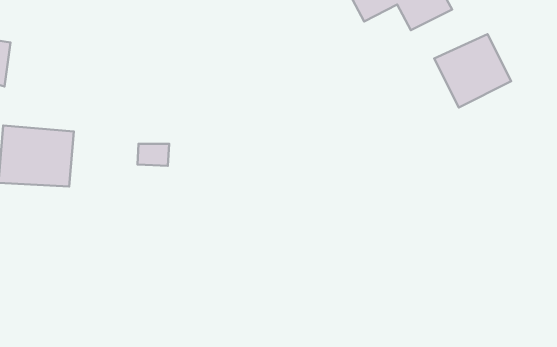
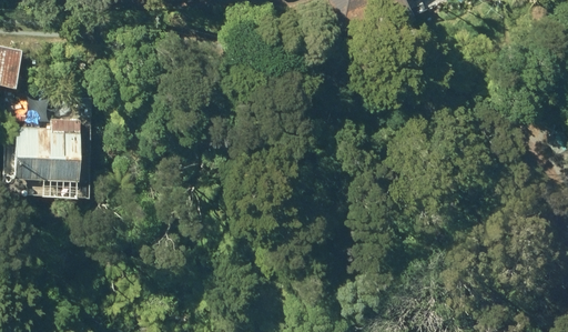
building: [434,34,511,108] -> none

